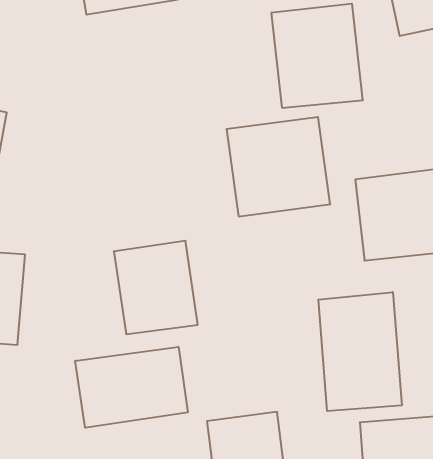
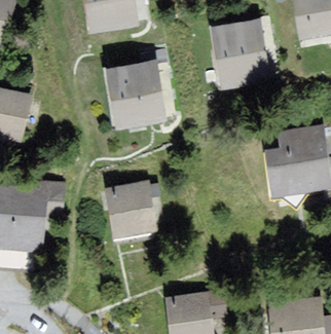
building: [226,117,330,216] -> [99,62,169,128]
building: [318,292,402,411] -> none
building: [75,347,188,428] -> none

